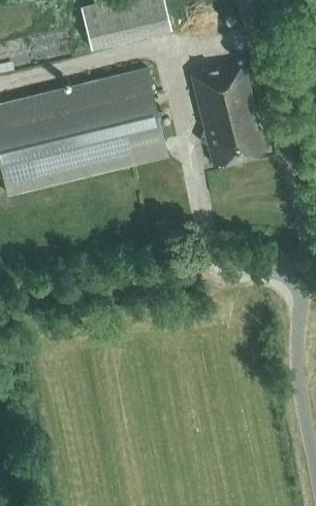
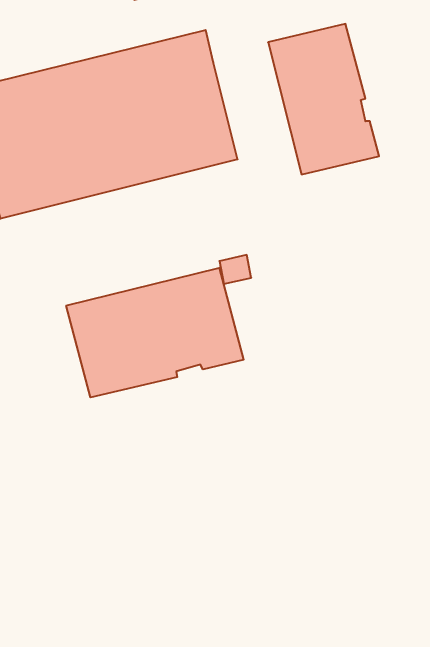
building: none -> [66,268,244,397]

